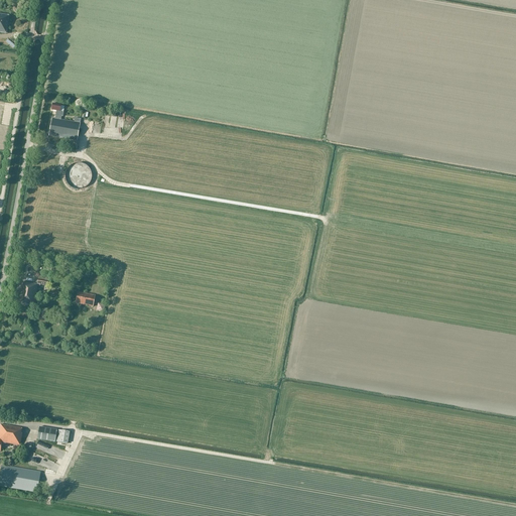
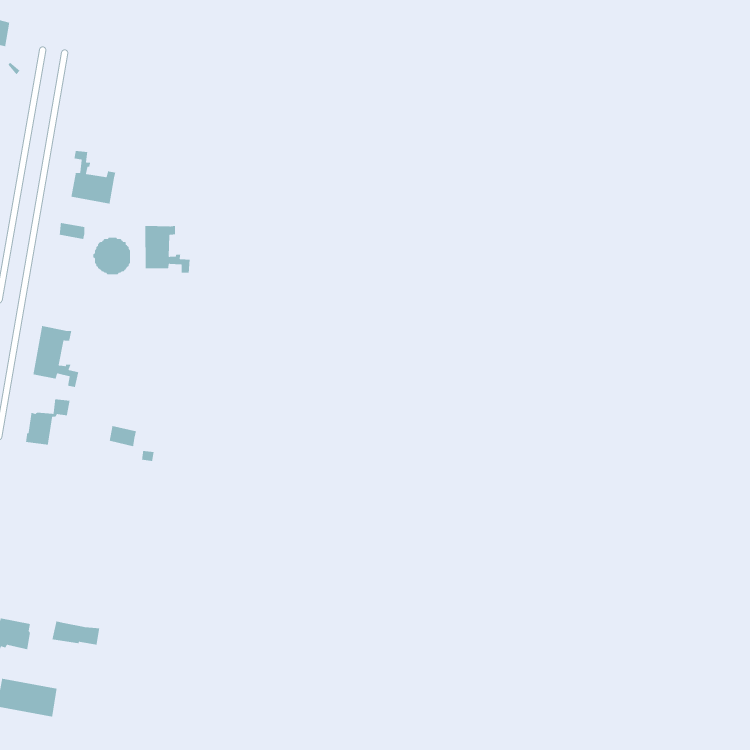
building: none -> [145,225,190,273]
building: none -> [32,325,79,388]

